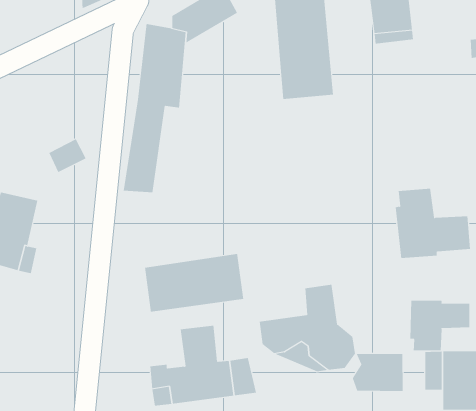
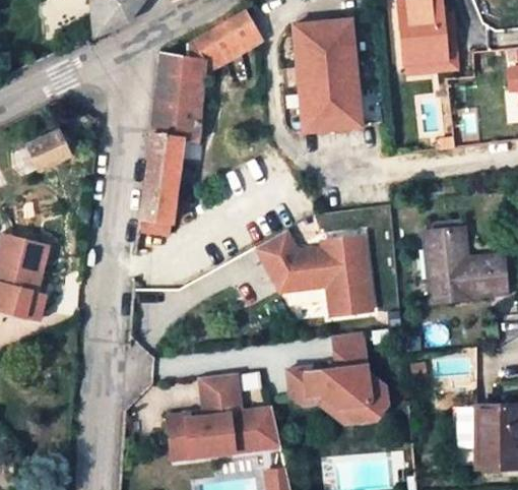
building: [48,139,87,173] -> [28,134,69,171]
building: none -> [257,229,373,312]
building: [144,253,244,312] -> none
building: [410,300,470,351] -> none
building: [352,353,403,392] -> none

